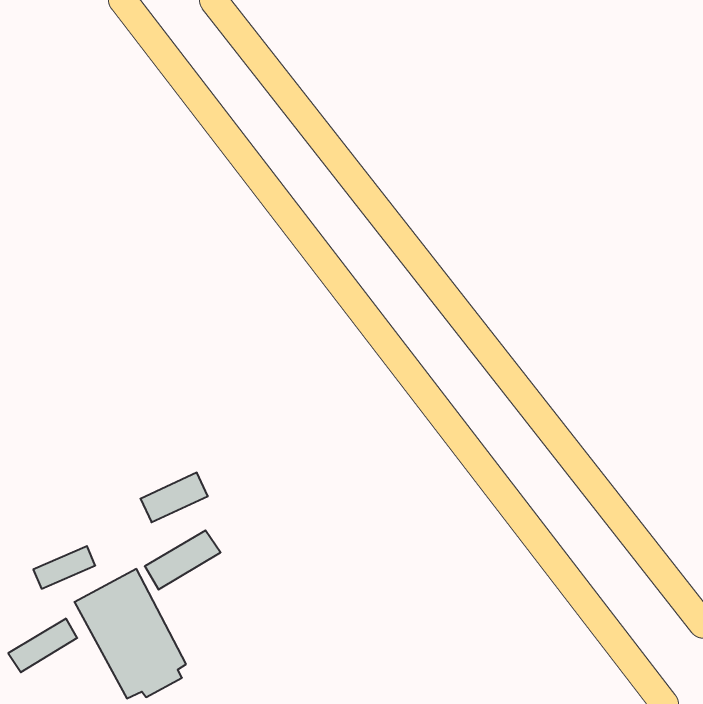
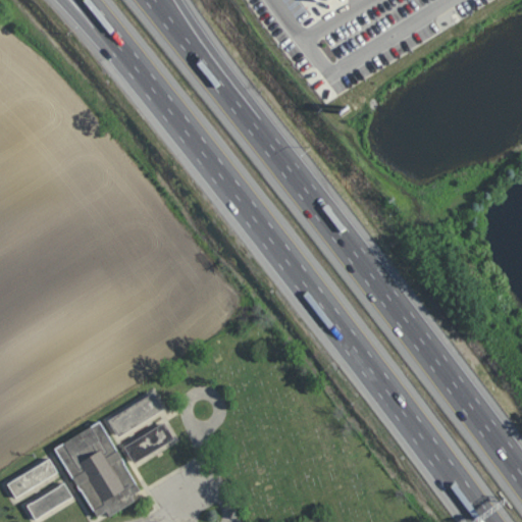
building: [140,473,208,522] -> [123,424,173,461]
building: [33,546,95,589] -> [27,485,72,517]

